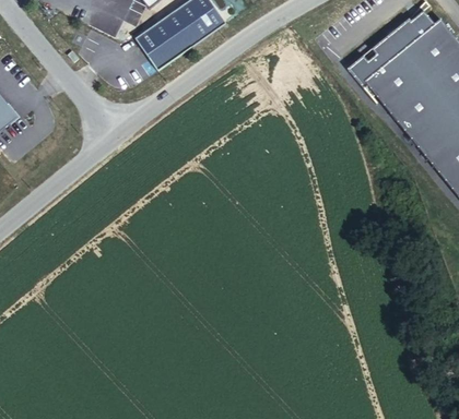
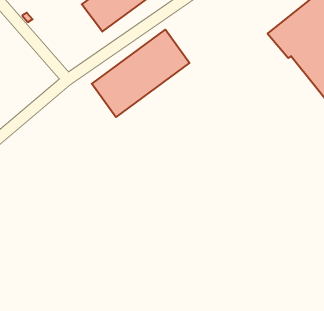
building: none -> [92,30,189,117]

